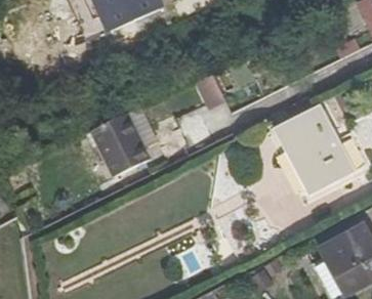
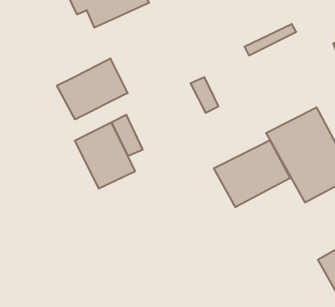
building: none -> [57,58,128,119]
building: none -> [214,140,290,207]

